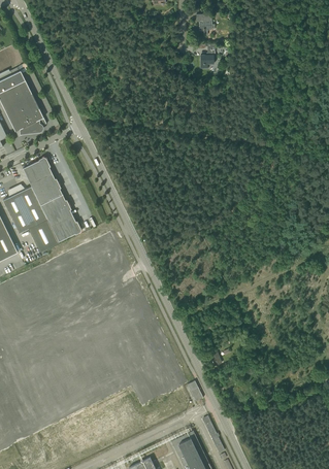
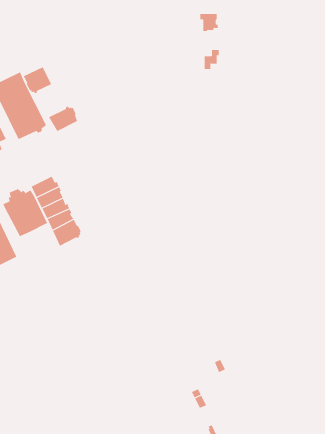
building: none -> [23,67,52,94]
building: [23,158,52,183] -> [48,106,78,132]
building: [29,220,59,252] -> none

